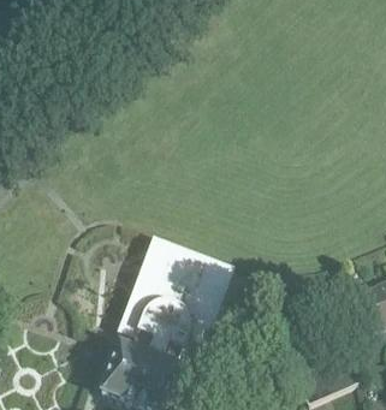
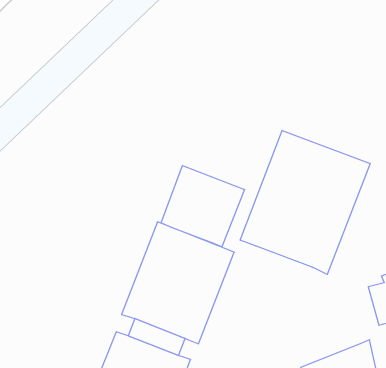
building: none -> [240,130,370,274]
building: none -> [161,166,245,247]

